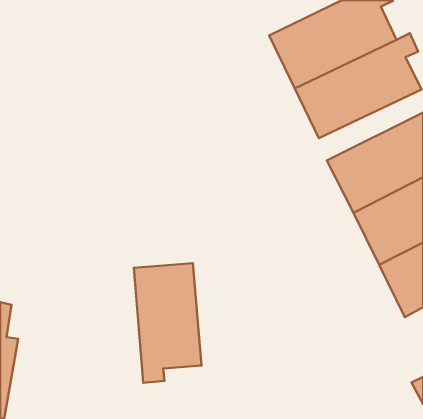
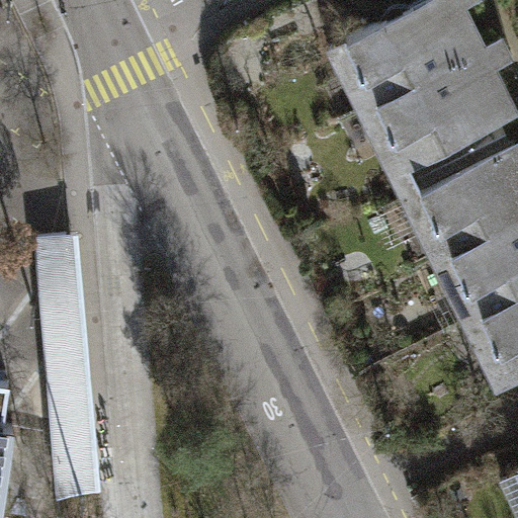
building: none -> [39,238,101,495]
building: [134,263,202,383] -> none

